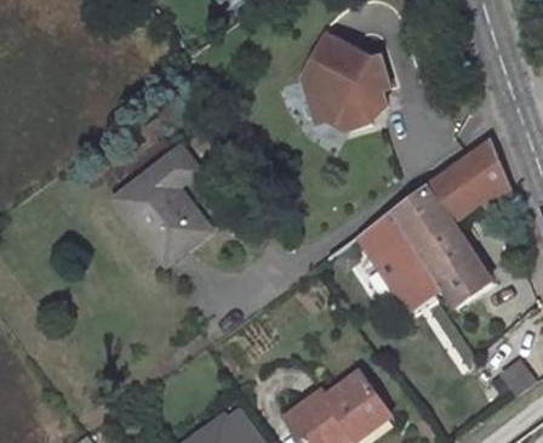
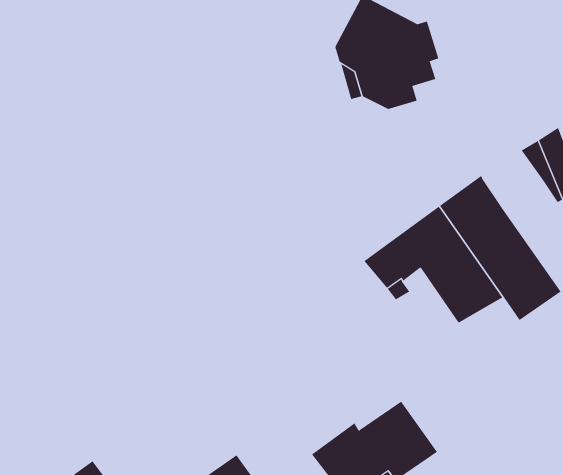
building: [114,146,210,262] -> none
building: [427,163,476,211] -> none

